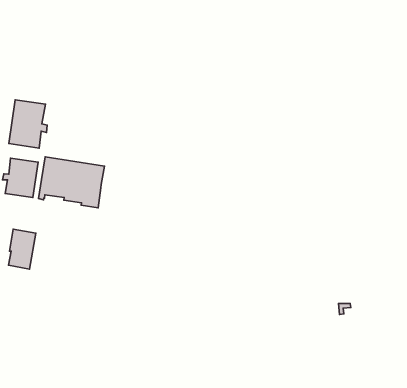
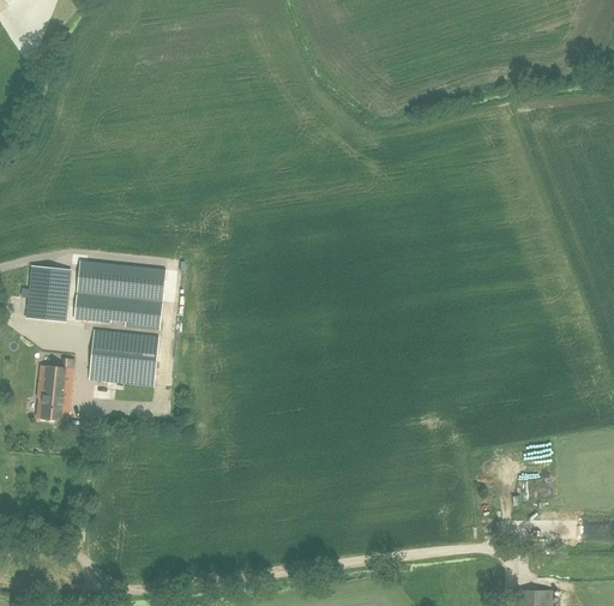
building: [9,100,47,148] -> none
building: none -> [89,330,157,385]

